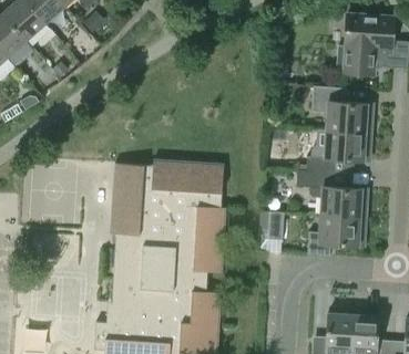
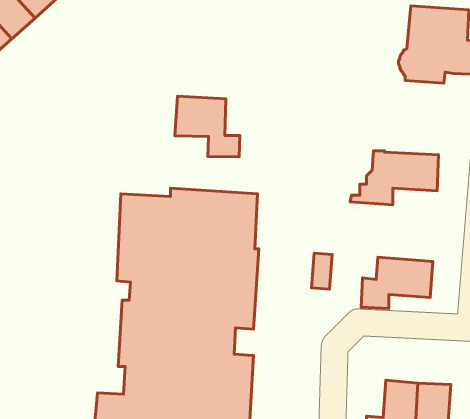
building: none -> [175,96,240,157]
building: [310,86,372,133] -> none
building: [296,170,366,218] -> none

